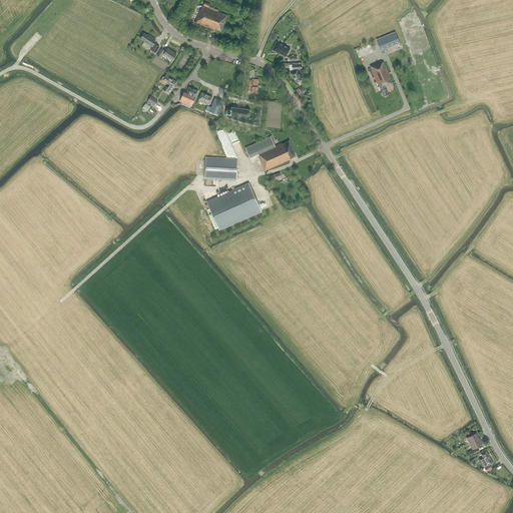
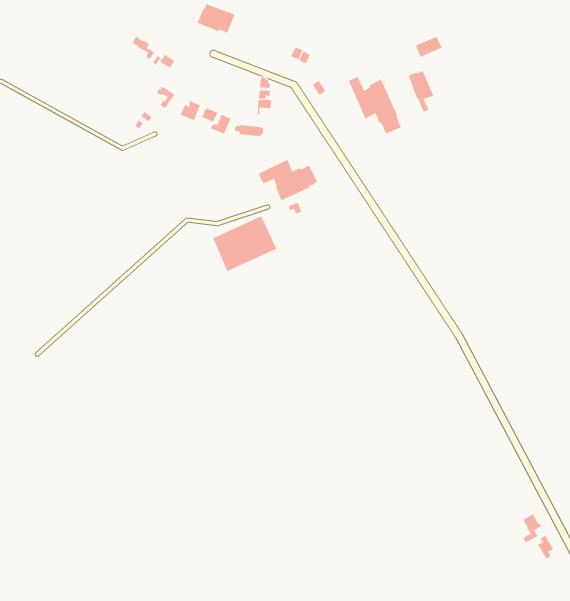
building: none -> [348,76,401,134]
building: [204,156,236,179] -> none

